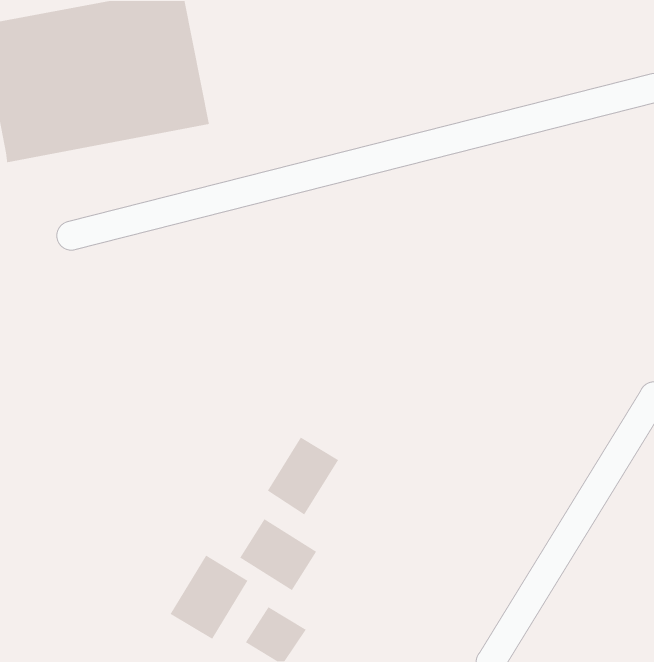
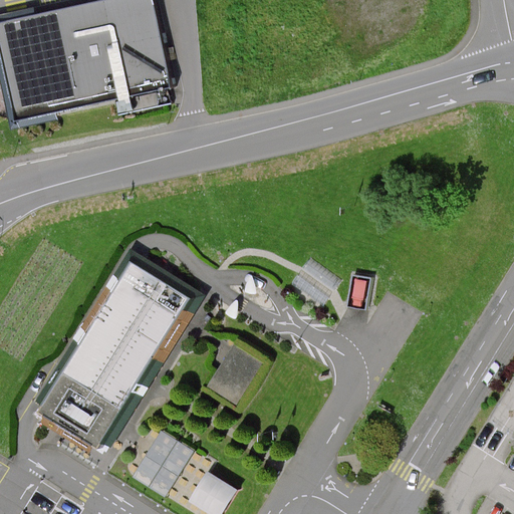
building: none -> [39,261,189,446]
building: [239,518,317,591] -> none

